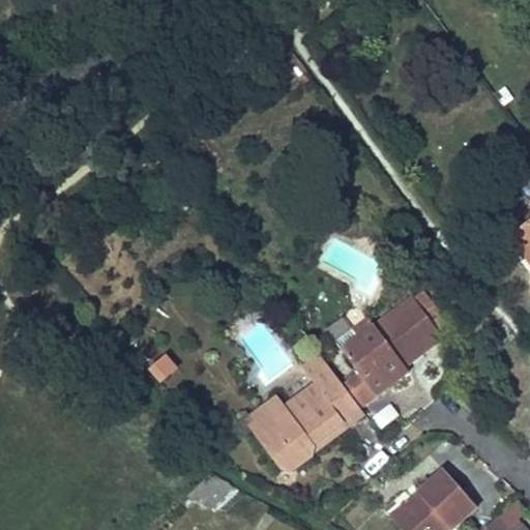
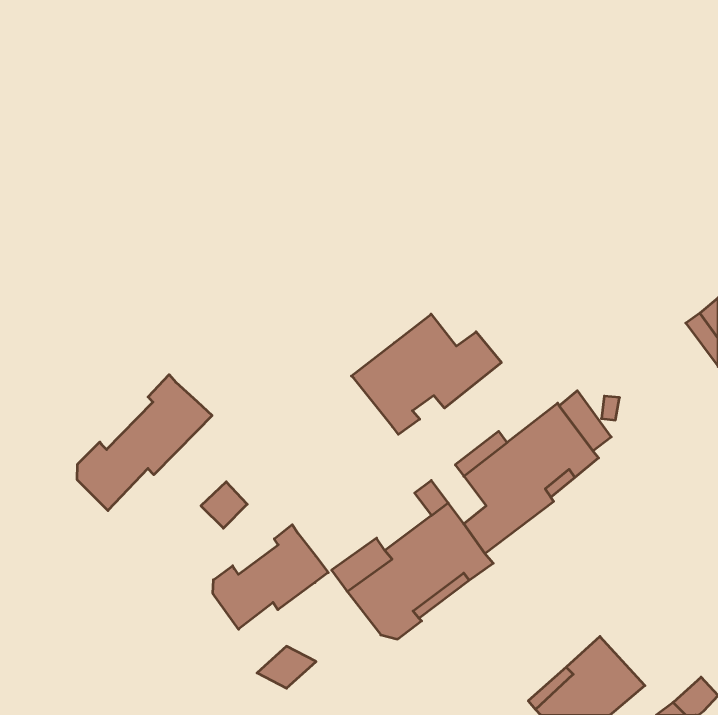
building: none -> [351,314,501,434]
building: none -> [77,375,212,511]
building: none -> [213,525,328,629]

